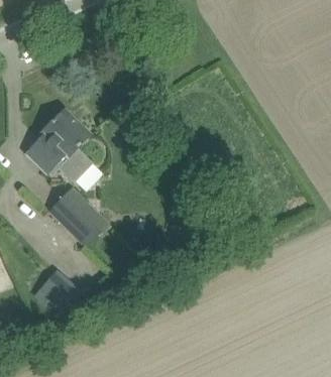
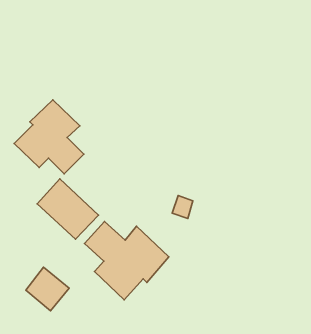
building: none -> [85,221,169,300]

